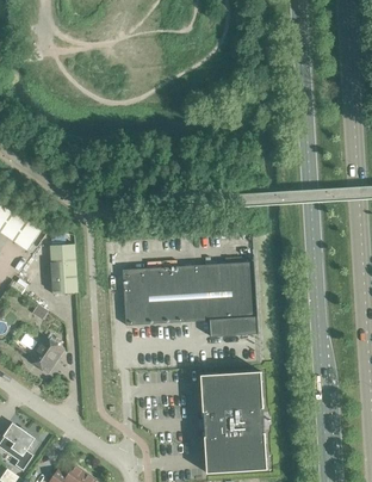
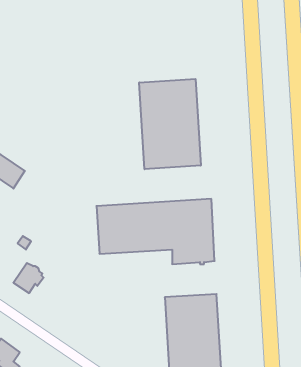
building: none -> [139,79,201,169]
building: [49,243,76,293] -> none

